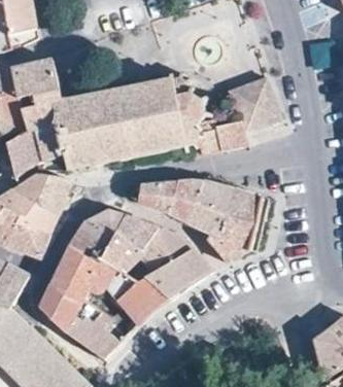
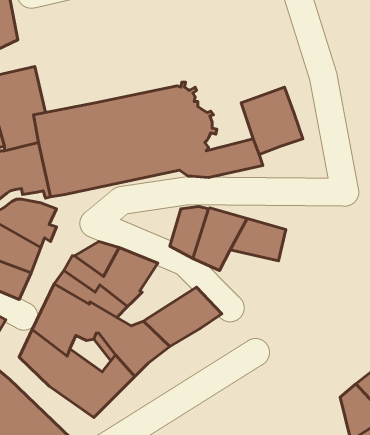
building: [124,180,177,212] -> none
building: [207,215,261,262] -> none
building: [136,226,191,274] -> none

